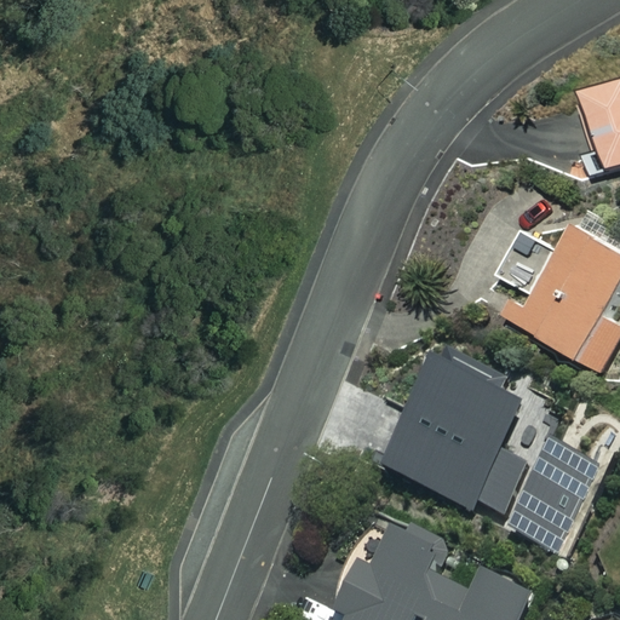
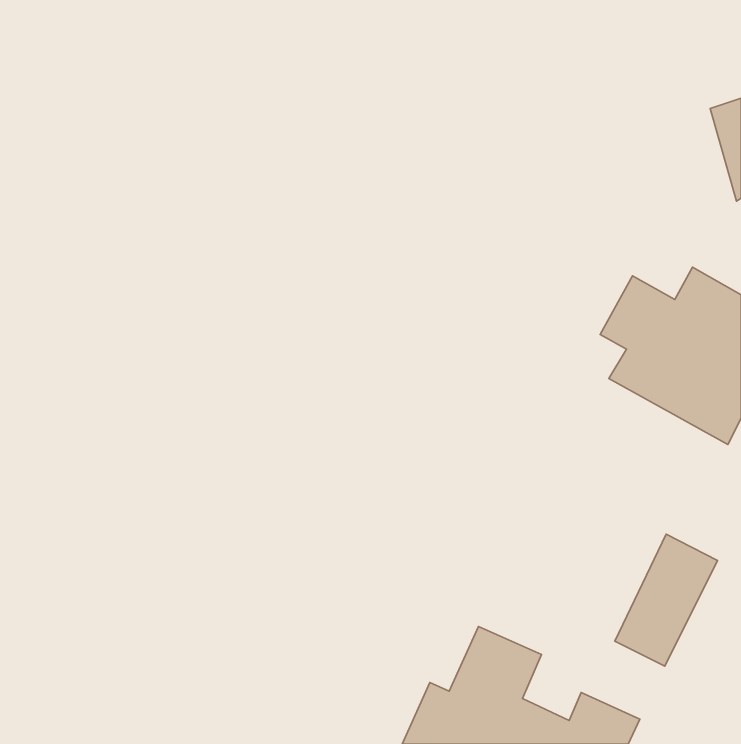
building: [381,356,527,515] -> none

